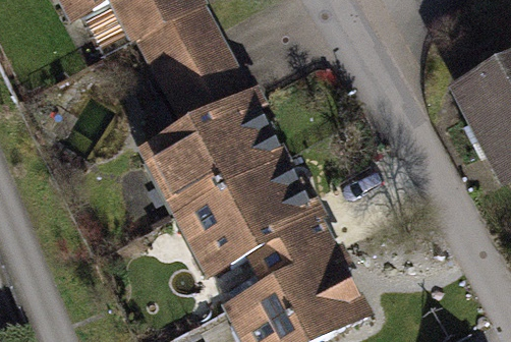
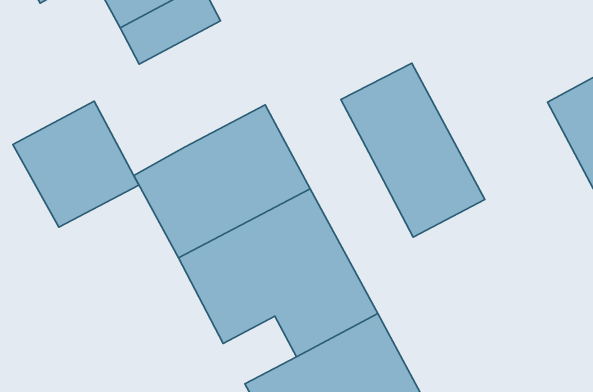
building: [149,33,243,127] -> [13,101,139,227]
building: none -> [341,63,485,237]

